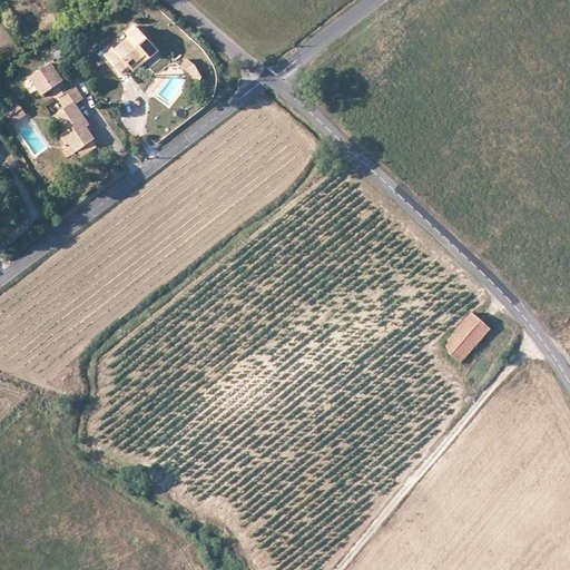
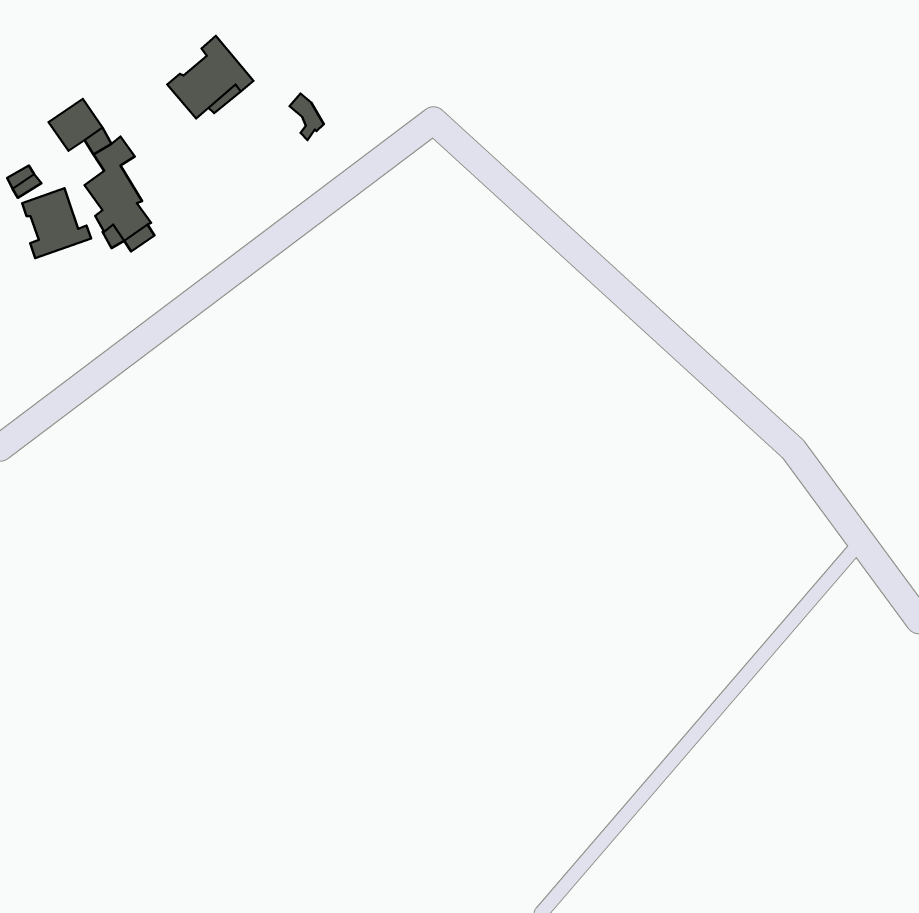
building: none -> [22,188,91,258]
building: [443,313,491,363] -> none

